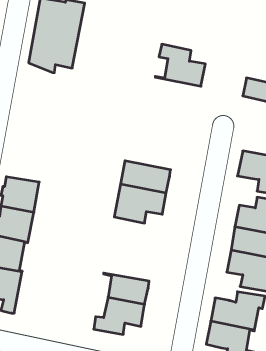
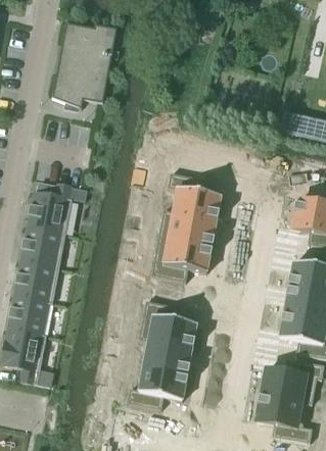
building: [155,44,205,86] -> [162,171,220,219]
building: none -> [27,184,71,234]
building: none -> [138,300,195,347]

